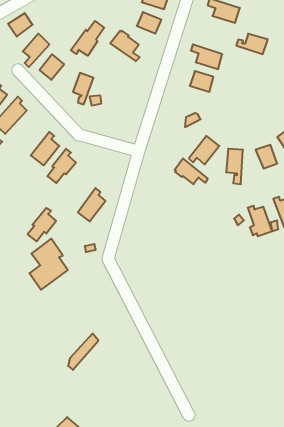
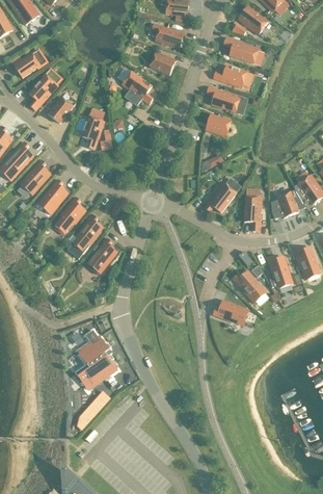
building: [71,21,104,56] -> none
building: [236,34,268,54] -> [214,64,247,86]
building: none -> [20,159,51,193]
building: [175,158,208,184] -> none
building: [28,208,56,241] -> [73,214,103,250]
building: none -> [233,270,266,303]
building: [29,239,68,290] -> [76,335,116,389]
building: none -> [213,301,248,324]

